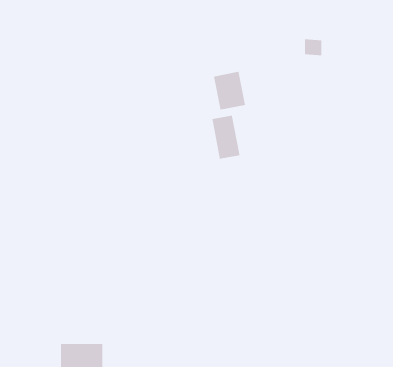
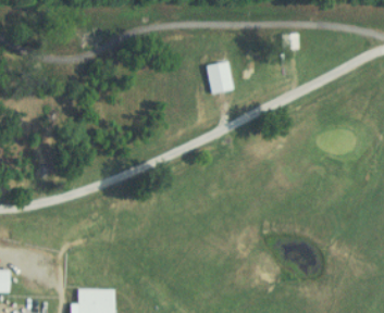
building: [212,115,240,159] -> none

